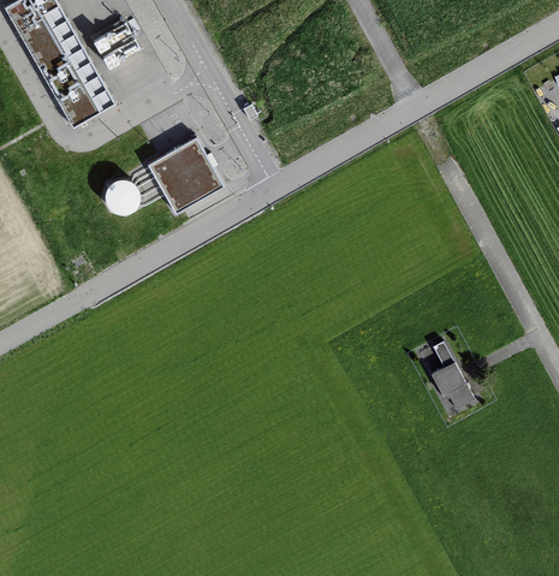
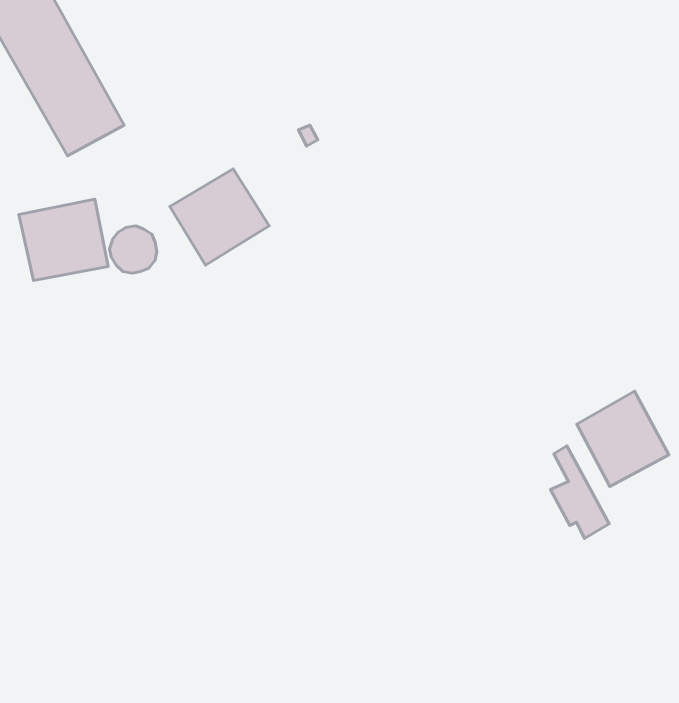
building: none -> [19,199,108,281]
building: none -> [577,391,669,487]

